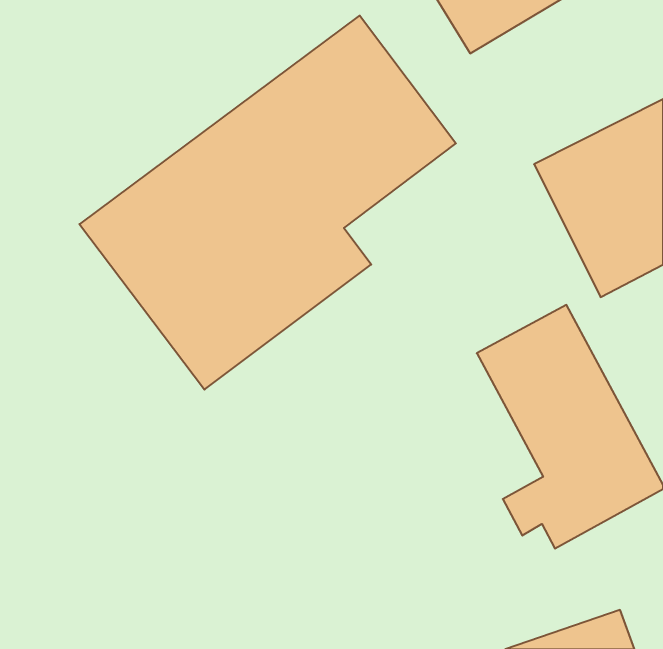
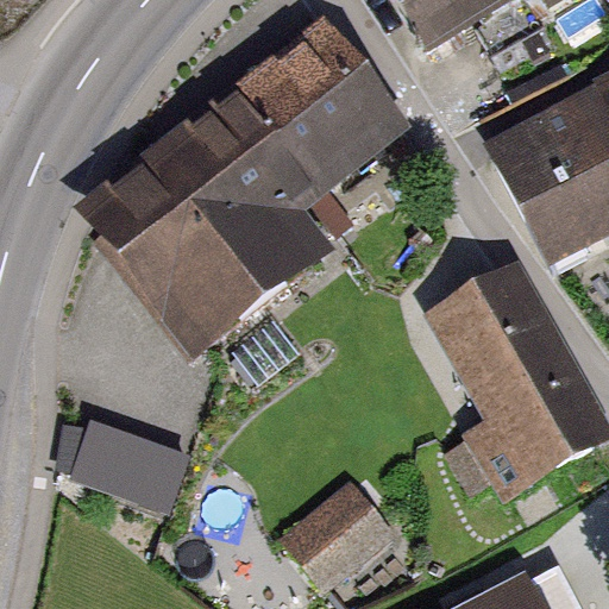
building: none -> [58,408,193,504]
building: none -> [285,481,389,580]

